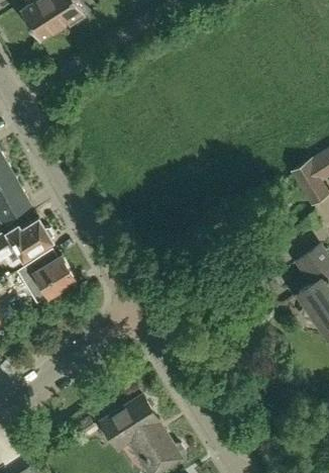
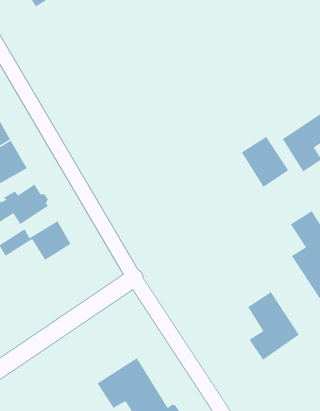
building: none -> [241,136,289,188]
building: none -> [247,291,300,361]

